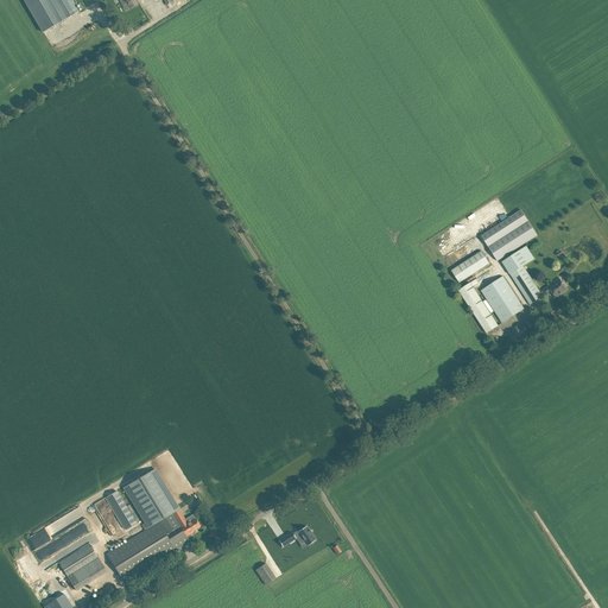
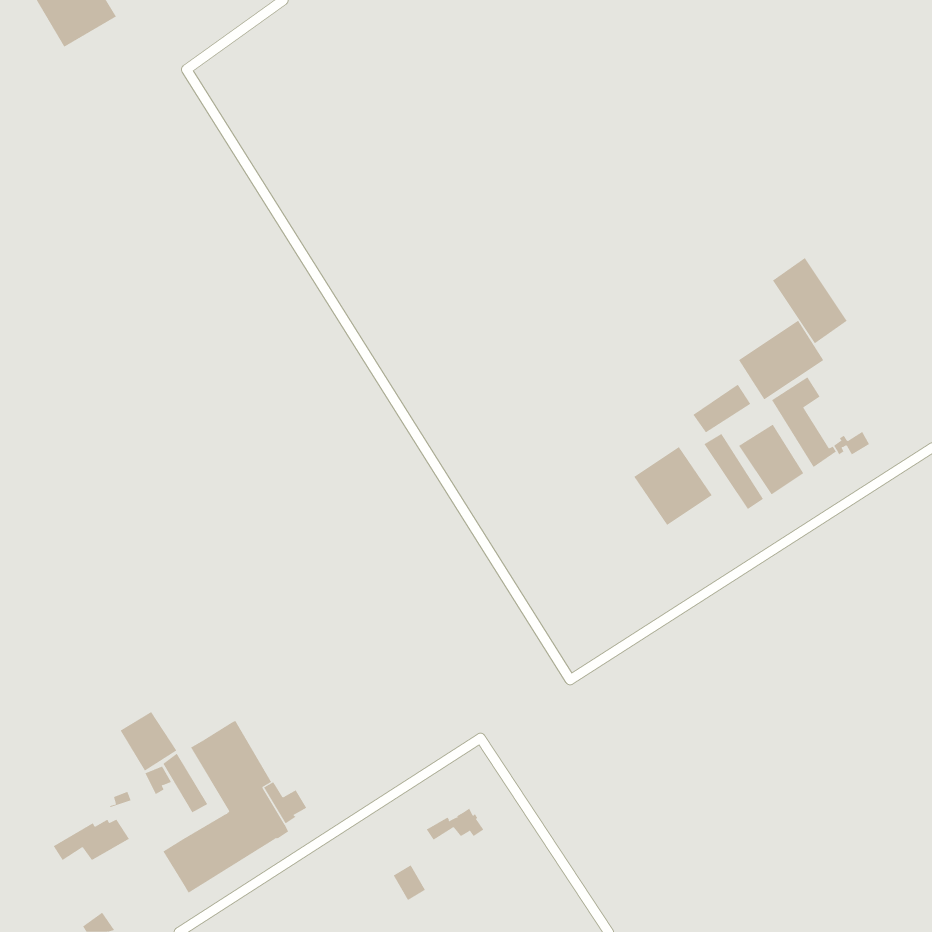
building: none -> [772,257,848,344]
building: none -> [633,446,713,526]
building: none -> [120,711,177,771]
building: [58,543,106,589] -> none

